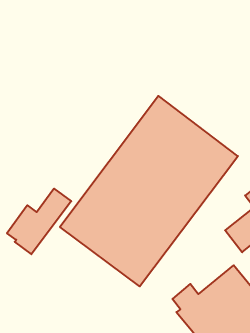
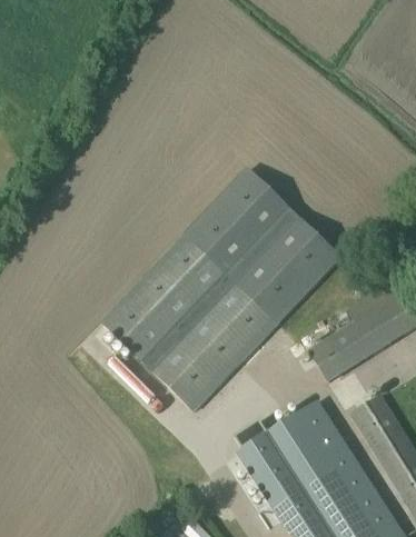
building: [7,189,71,254] -> none

